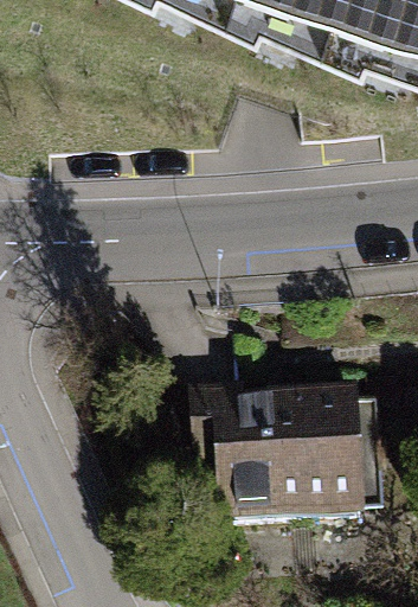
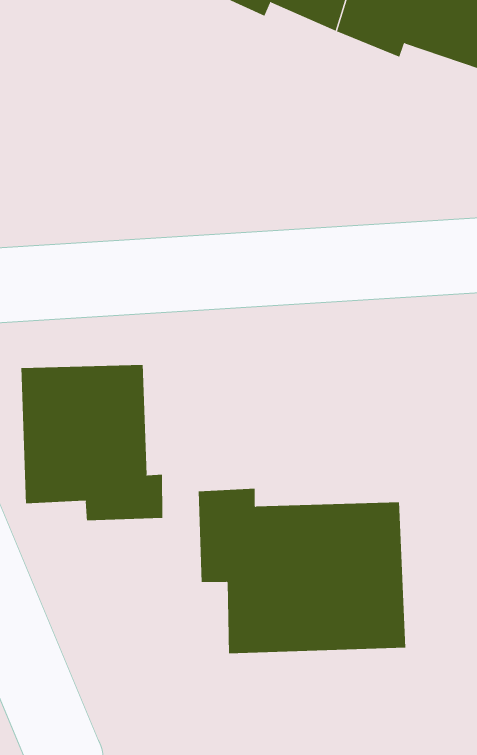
building: none -> [21,364,163,521]

